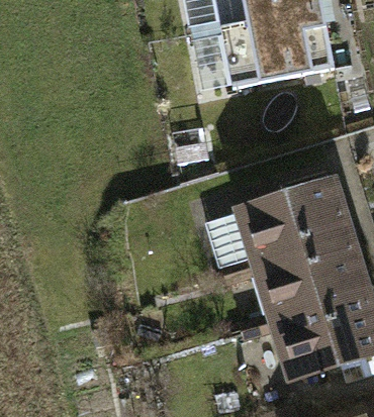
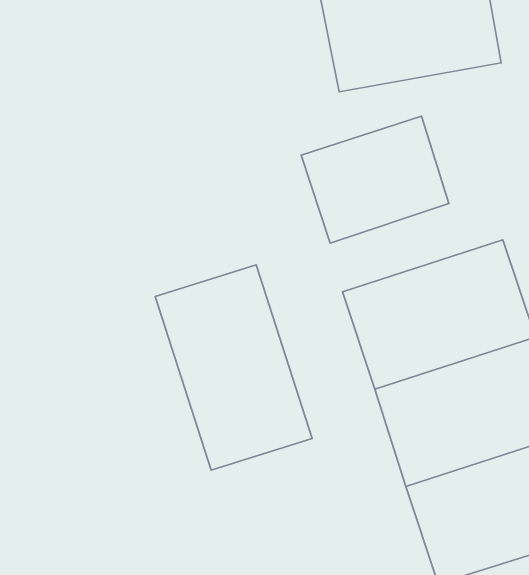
building: none -> [301,116,449,243]
building: none -> [155,265,312,470]

